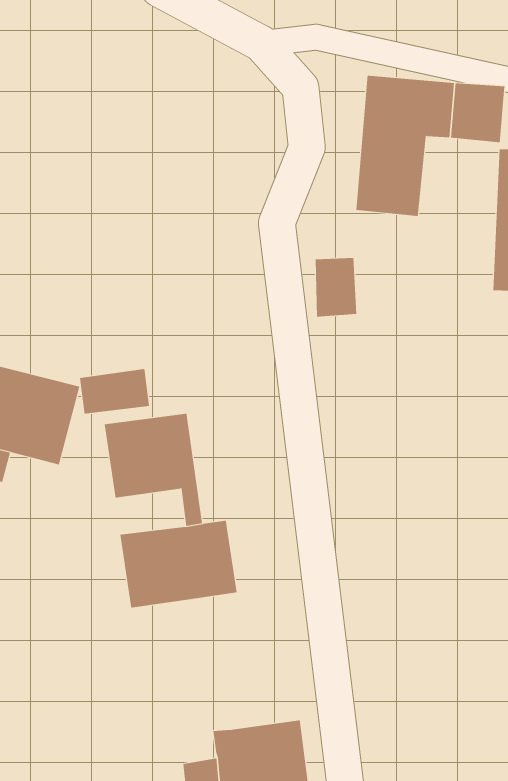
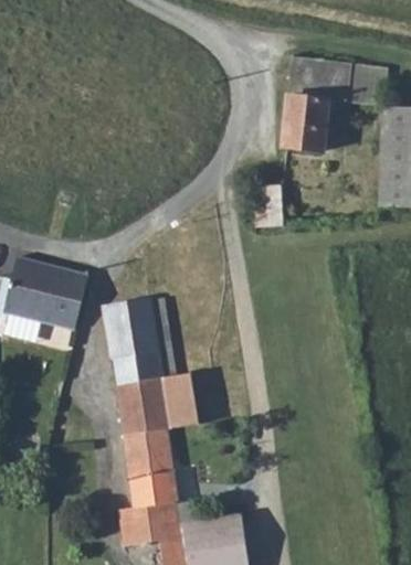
building: [79,368,150,414] -> [113,349,162,381]
building: none -> [118,426,194,543]

